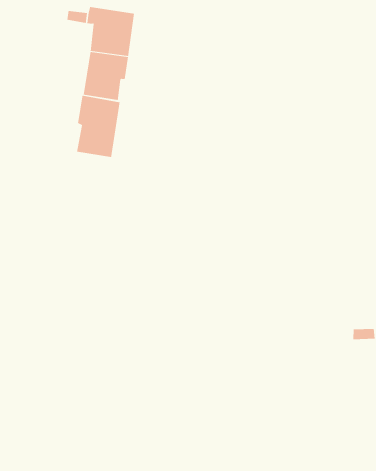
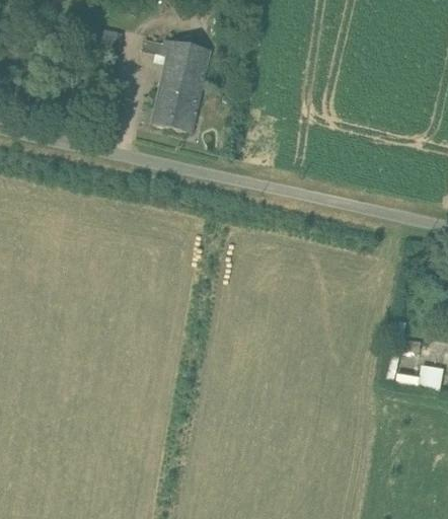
building: [76,95,120,158] -> none

